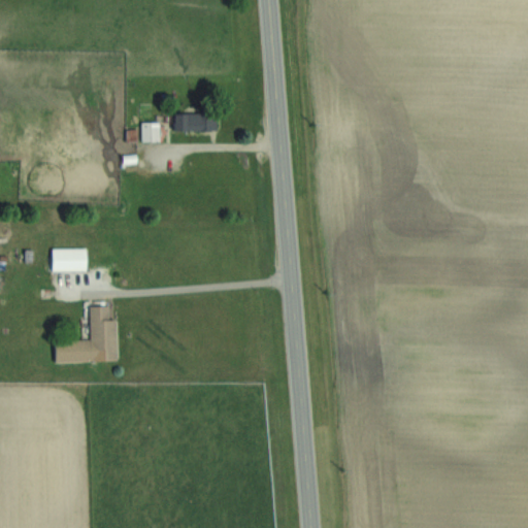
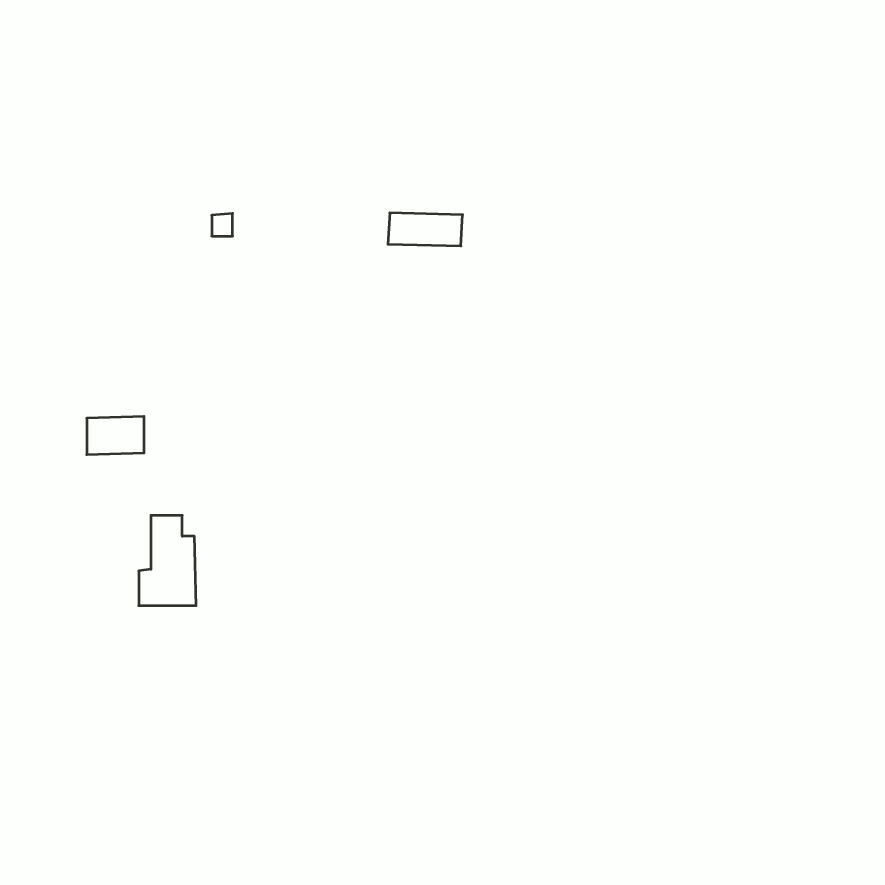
building: [173,113,218,133] -> [388,213,463,246]
building: [142,122,162,142] -> none

